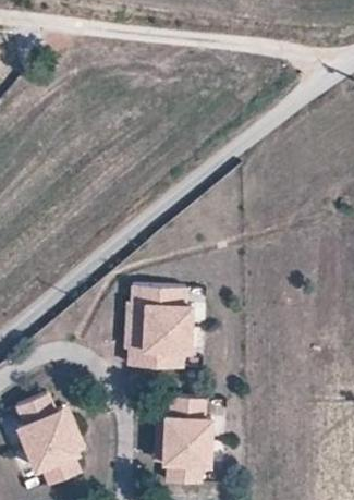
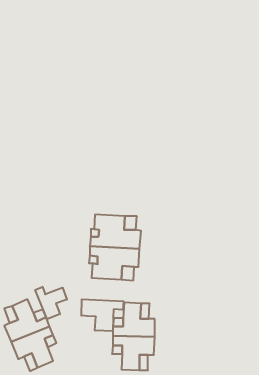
building: none -> [35,287,67,319]
building: none -> [81,299,124,331]

